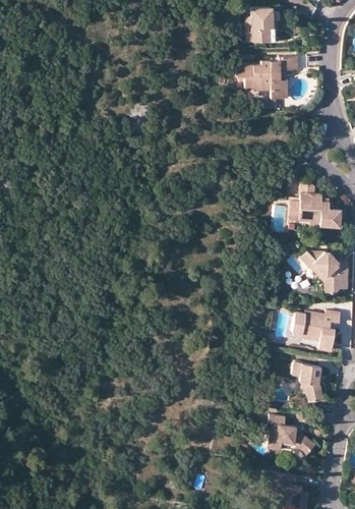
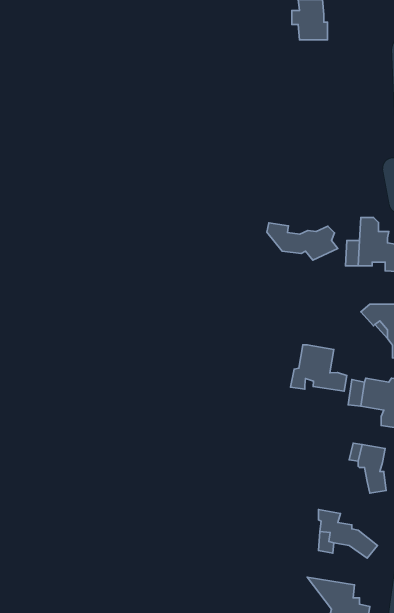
building: [237,57,298,100] -> none
building: none -> [267,223,338,260]
building: none -> [291,345,347,391]

